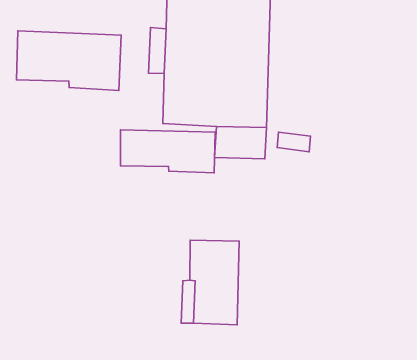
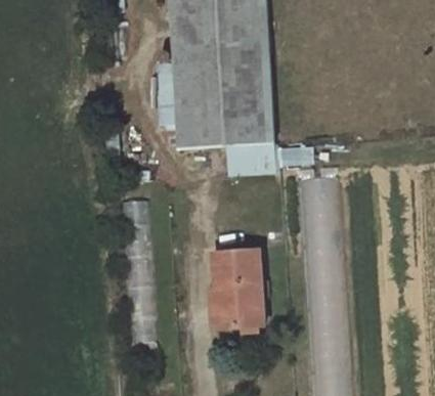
building: [17,31,121,90] -> none
building: [120,130,215,173] -> none

